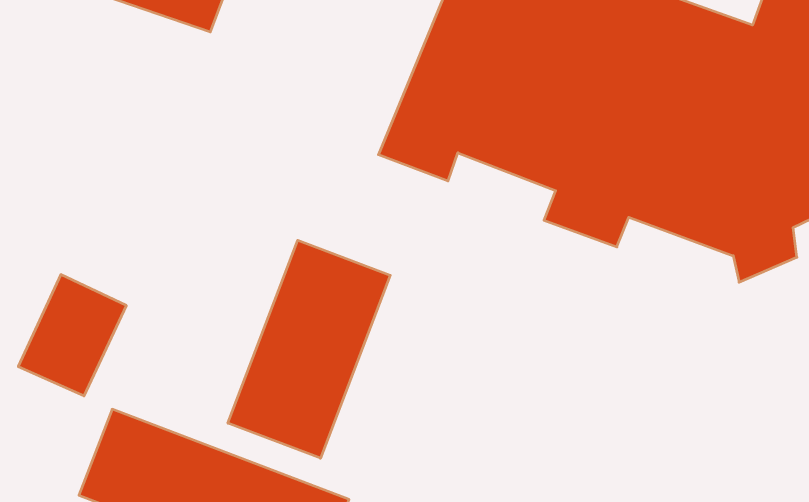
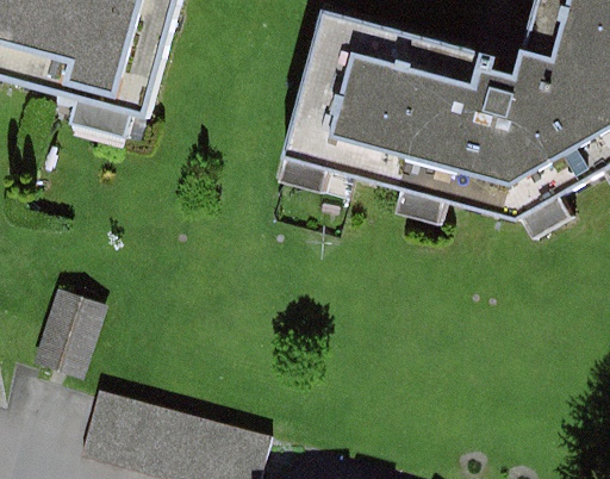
building: [228,240,390,458] -> none

